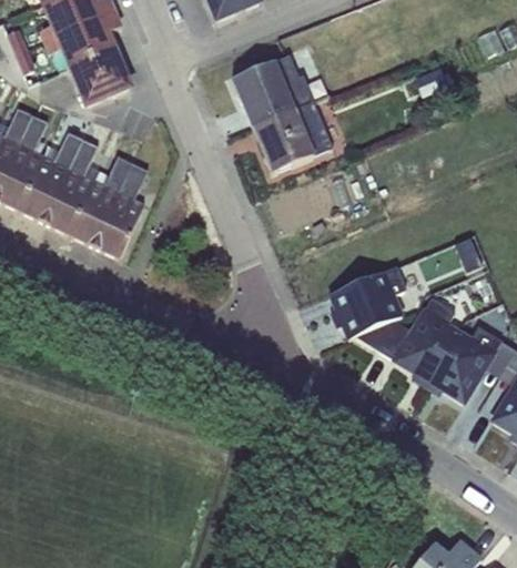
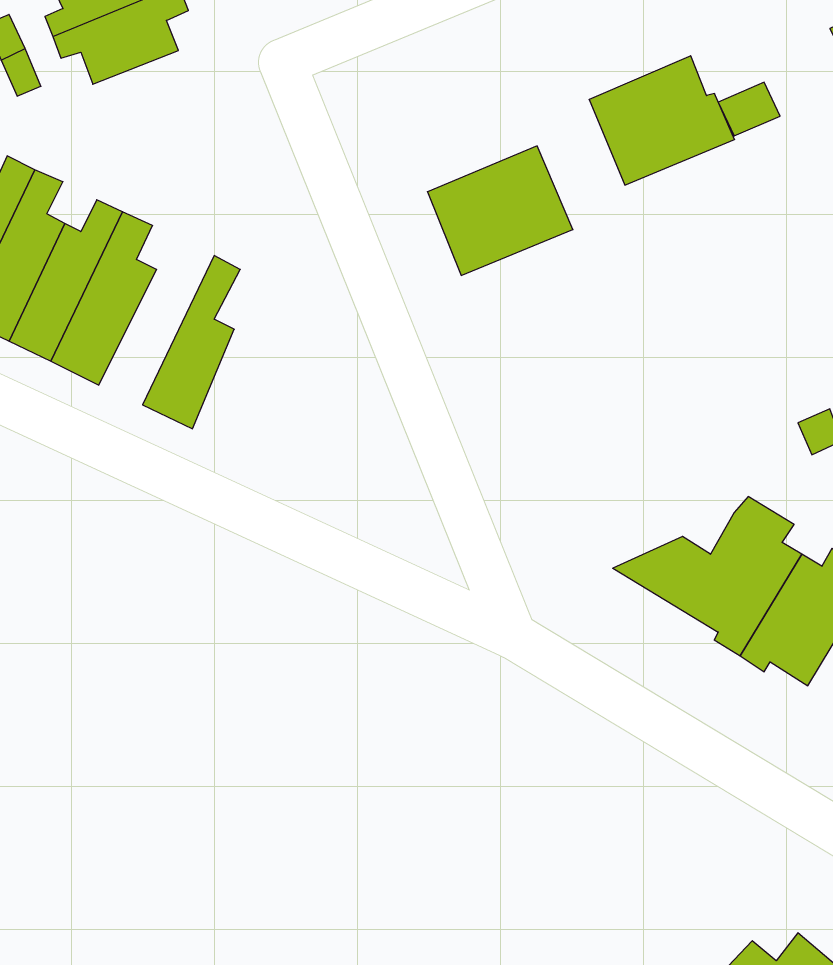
building: [65,48,130,105] -> none
building: [232,54,313,126] -> [589,56,735,185]
building: [69,154,133,245] -> none
building: [328,266,406,338] -> none

